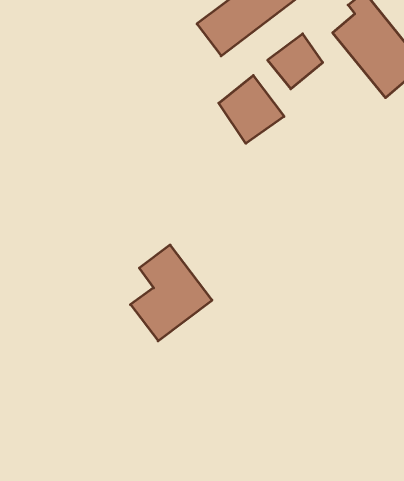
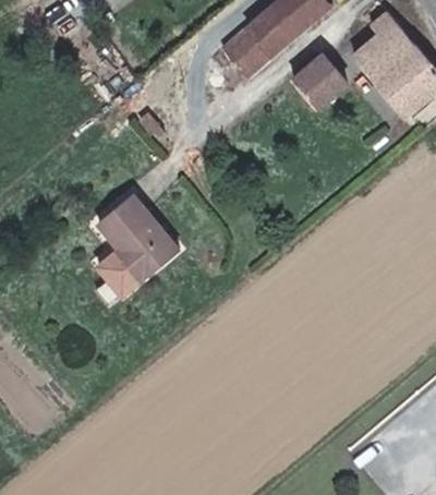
building: [219,75,284,143] -> none
building: [130,245,212,341] -> [98,203,179,298]

